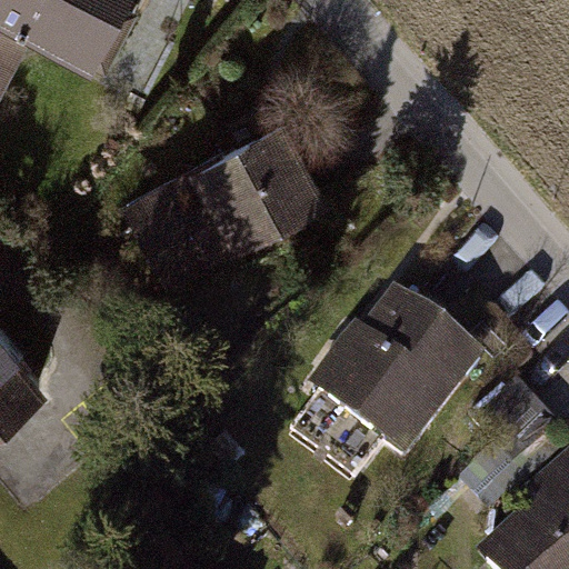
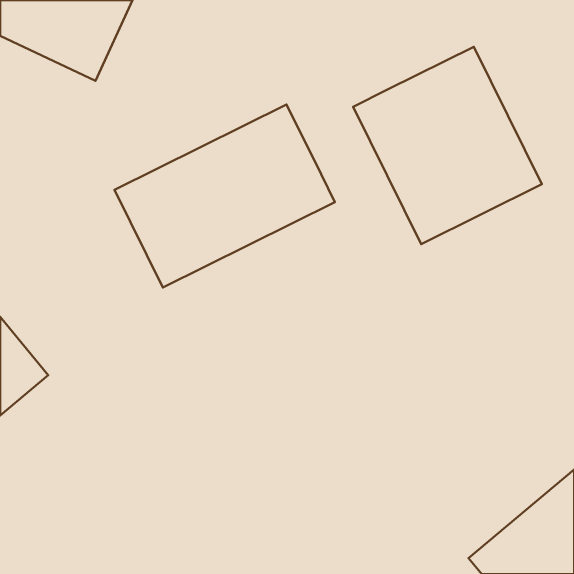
building: none -> [353,47,542,244]
building: [310,286,486,461] -> none

